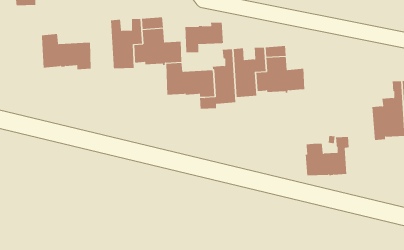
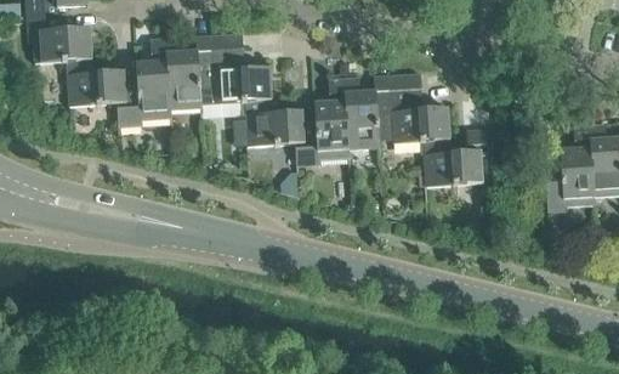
building: none -> [32,15,92,61]
building: none -> [119,36,172,125]
building: [185,22,223,53] -> none
building: [305,136,350,176] -> [424,128,488,185]

